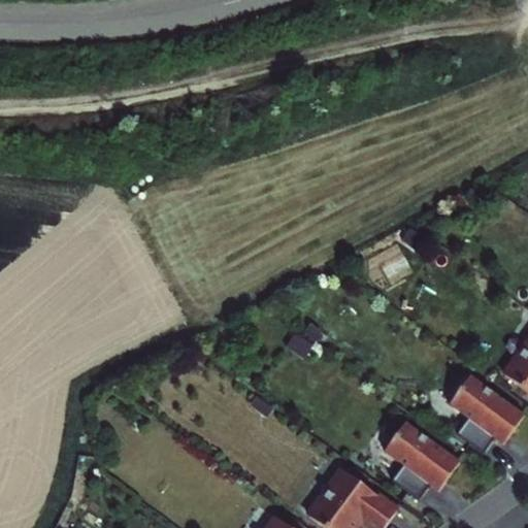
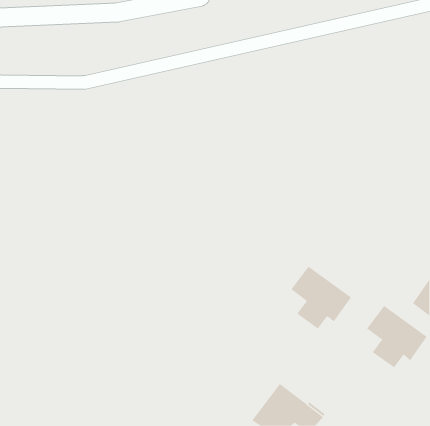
building: [385,421,460,499] -> [291,266,352,330]

